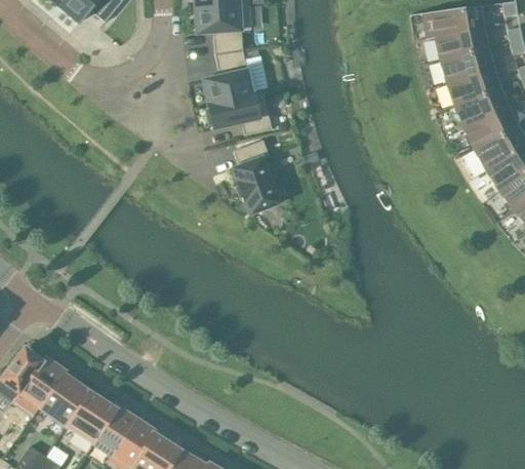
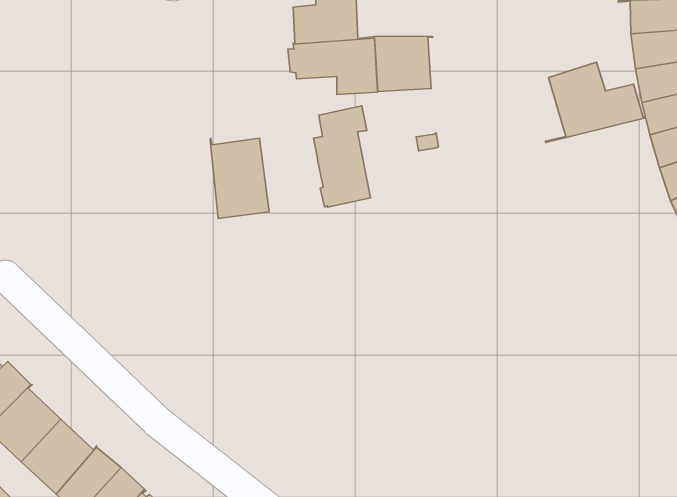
building: none -> [545,62,646,142]
building: none -> [375,36,433,92]
building: none -> [210,138,269,219]

